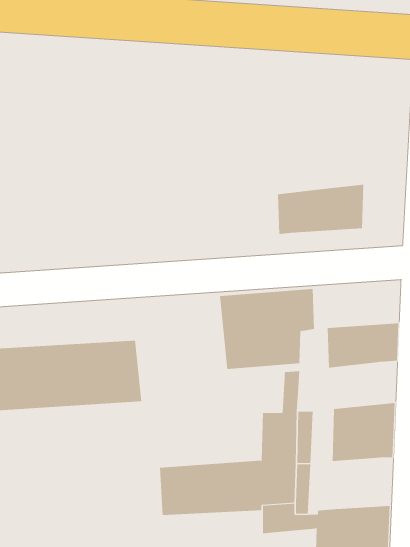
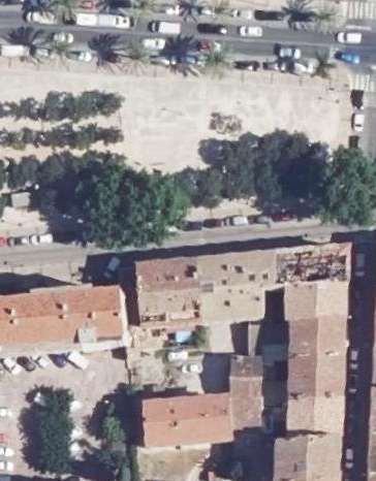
building: [277,184,364,235] -> [275,243,348,285]
building: none -> [123,257,201,346]
building: none -> [262,312,346,352]
building: none -> [289,393,342,437]

